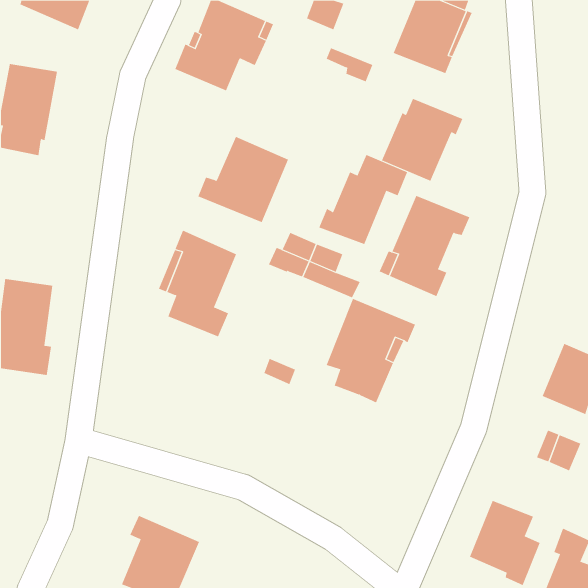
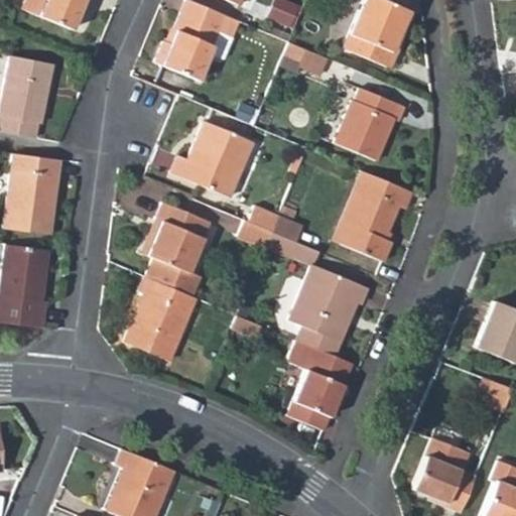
building: [319,154,408,245] -> none
building: none -> [6,155,61,235]
building: none -> [128,278,198,362]
building: none -> [286,340,351,430]

